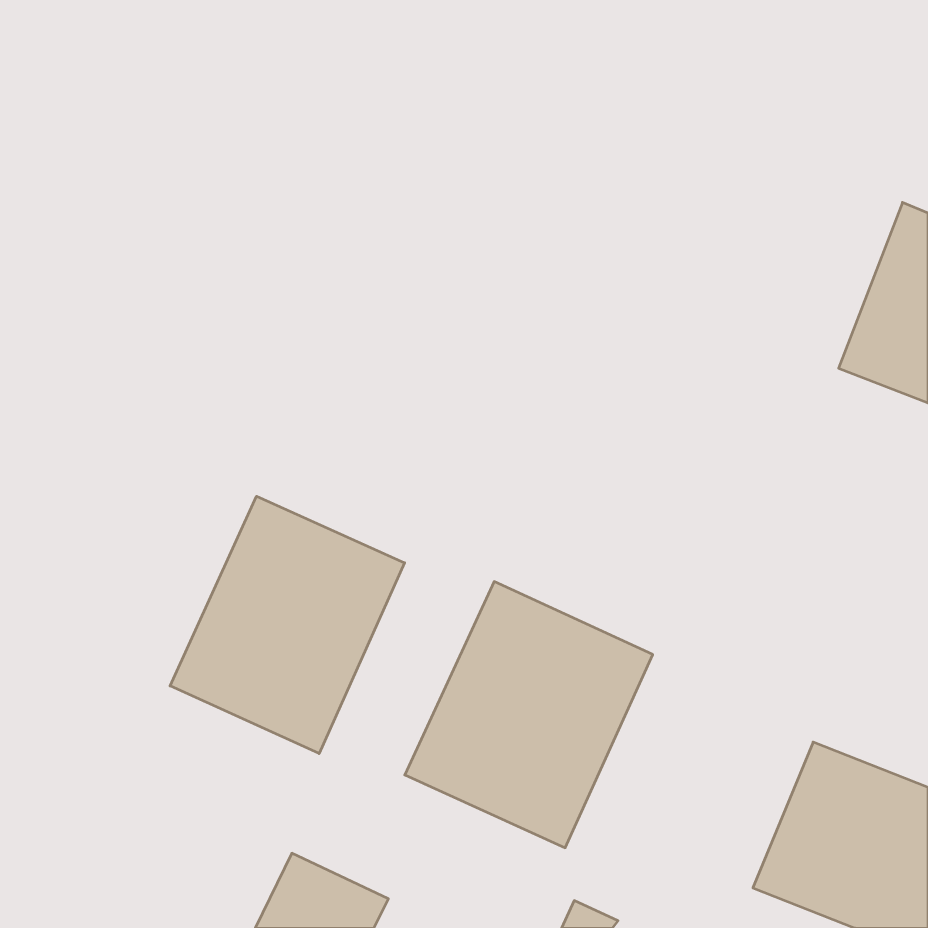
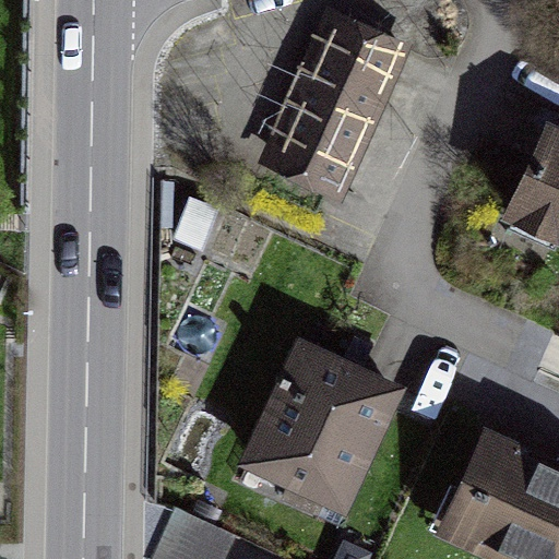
building: none -> [270,16,400,185]
building: [170,496,405,754] -> none

